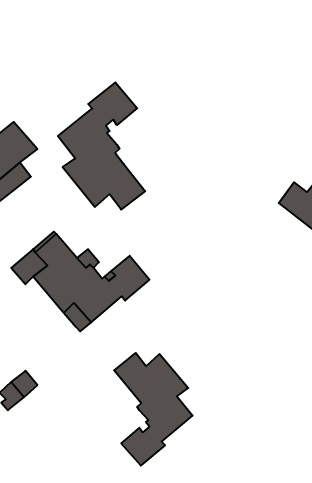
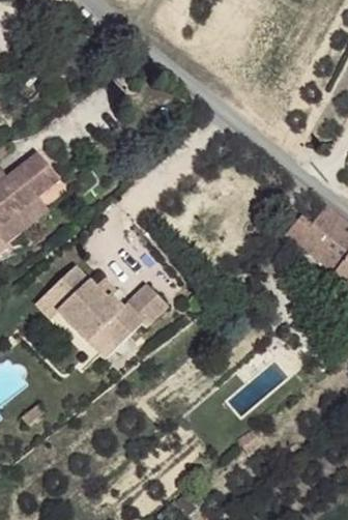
building: [58,82,145,210] -> none
building: [114,353,193,466] -> none

